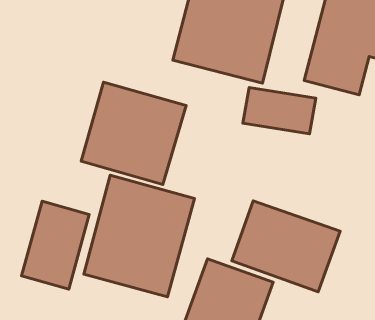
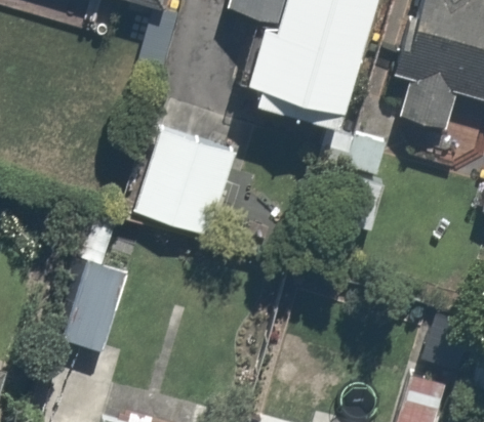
building: [84,175,195,297] -> none
building: [232,201,340,292] -> none

